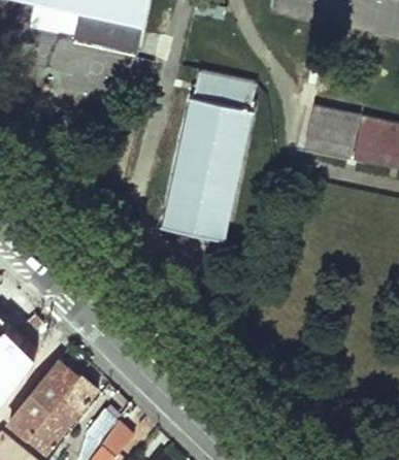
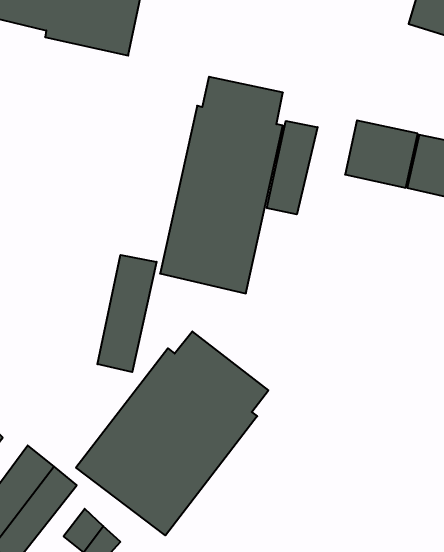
building: none -> [267,121,318,214]
building: none -> [97,255,157,372]
building: none -> [76,331,268,535]

